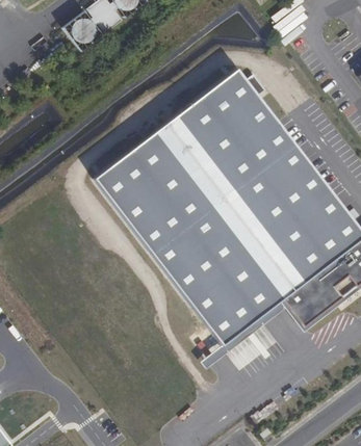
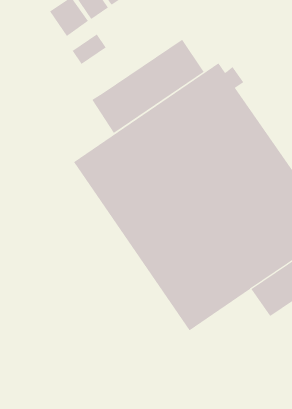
building: none -> [72,33,106,65]
building: none -> [92,39,204,134]

